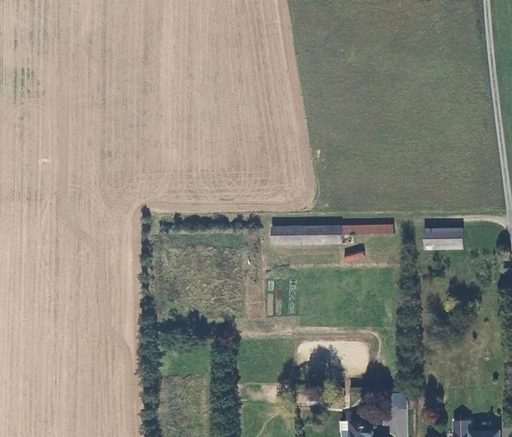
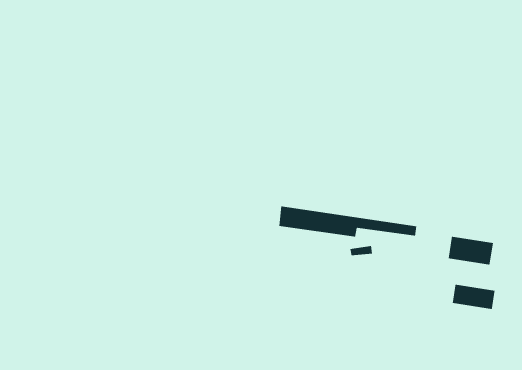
building: none -> [452,284,495,310]

